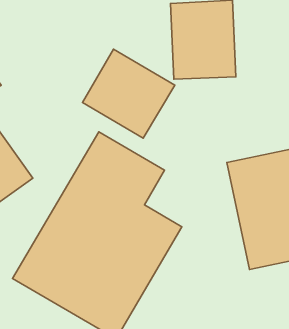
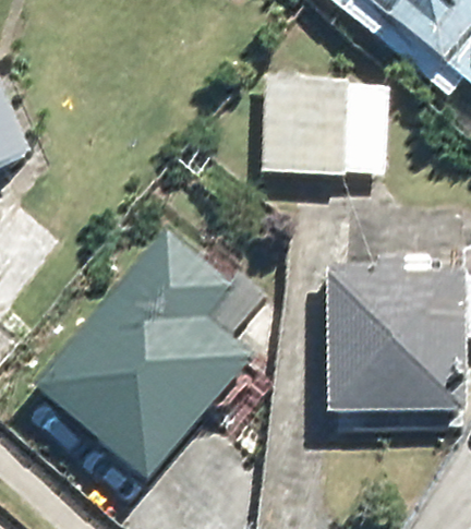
building: [82,49,175,138] -> none

